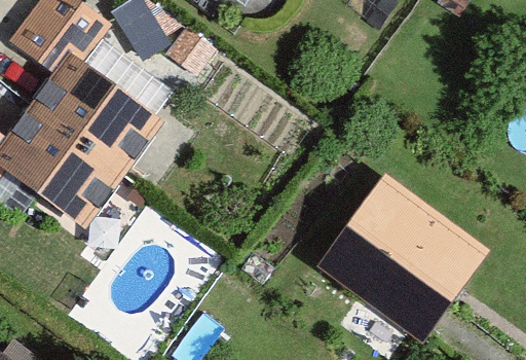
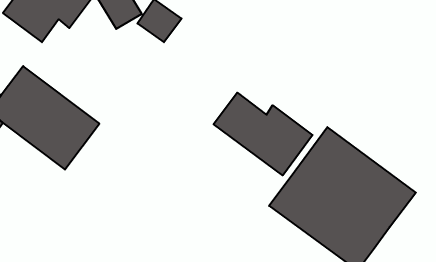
building: [32,49,161,171] -> none
building: none -> [214,93,313,175]

